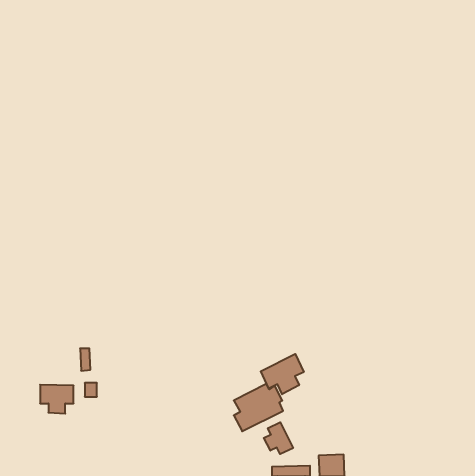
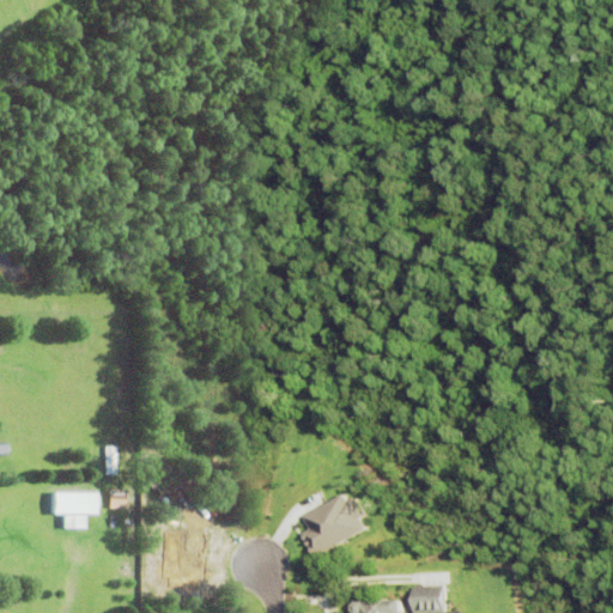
building: [261,354,304,394] -> none
building: [264,422,293,454] -> none

